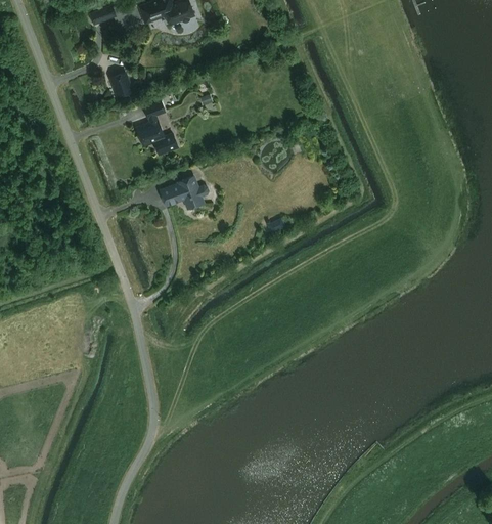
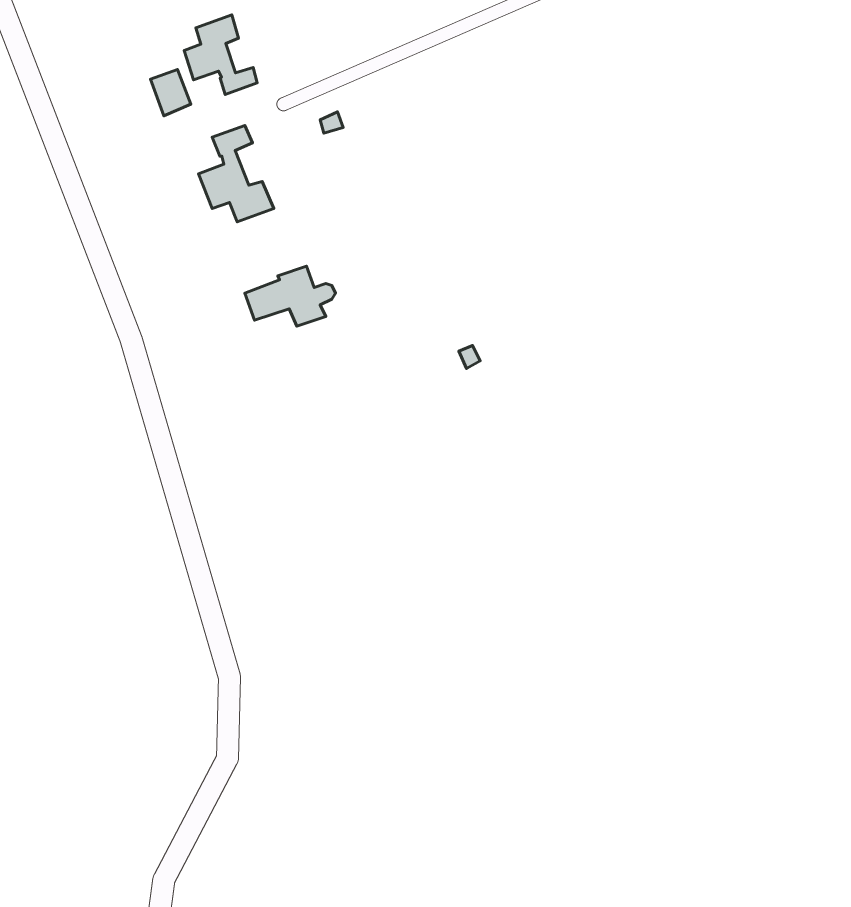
building: none -> [184,15,257,95]

